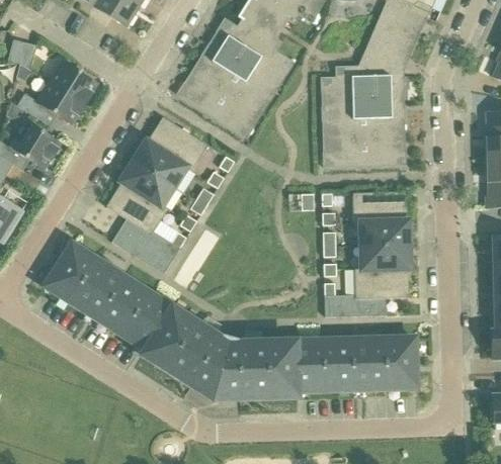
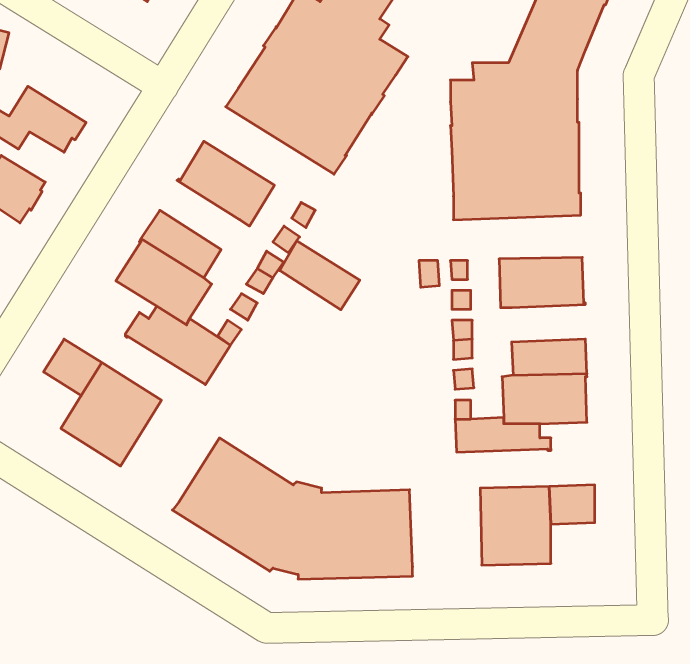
building: [49,61,97,104] -> none
building: [134,142,185,186] -> [280,241,360,310]
building: [360,221,408,246] -> none
building: [46,265,83,301] -> none
building: [108,283,172,349] -> none
building: [295,340,341,390] -> none
building: [386,362,415,388] -> none

